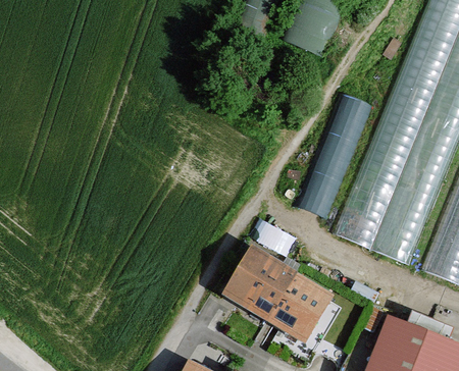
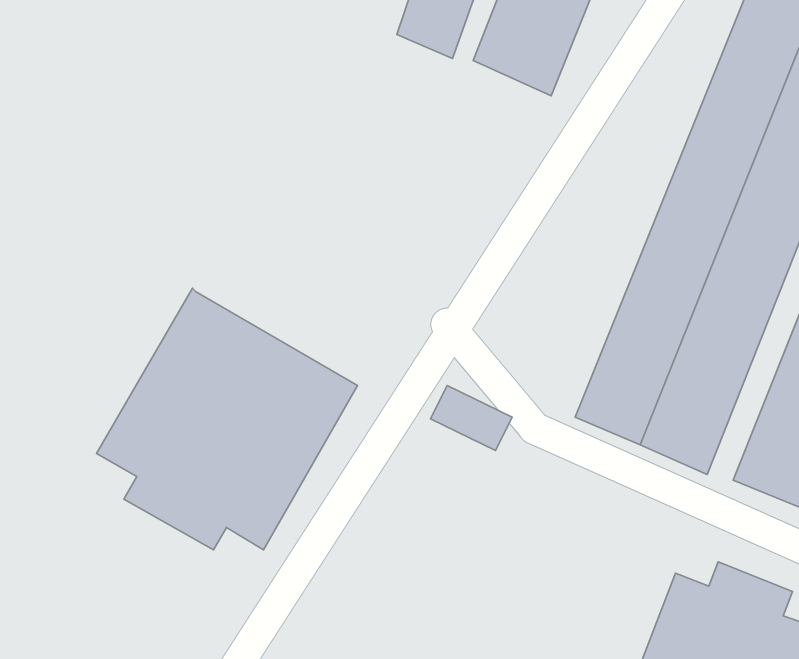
building: [298,94,371,217] -> none
building: none -> [97,288,358,550]
building: [220,245,327,340] -> none

